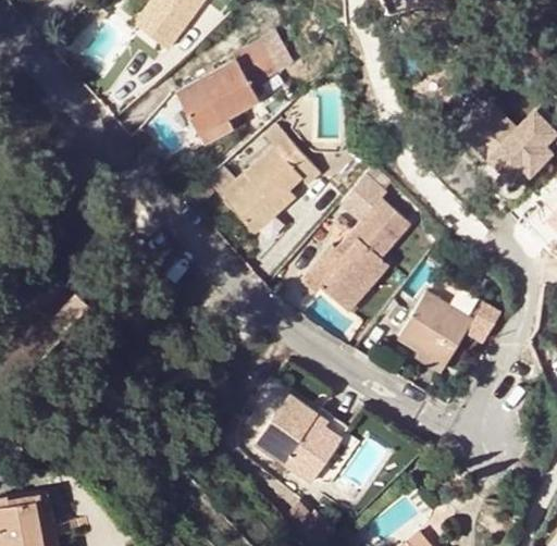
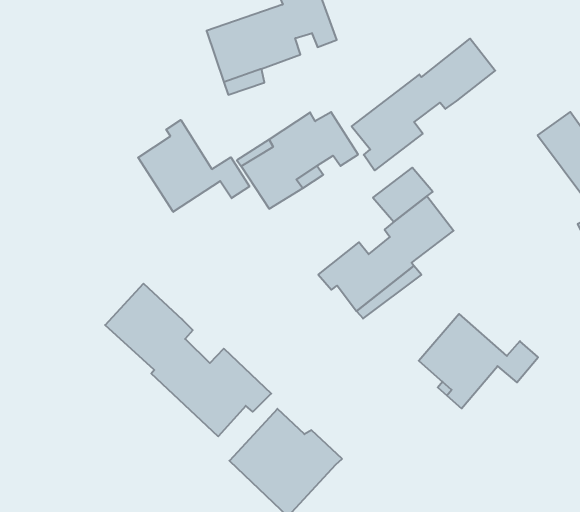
building: none -> [352,39,495,170]
building: none -> [138,120,249,212]
building: none -> [105,284,271,436]

